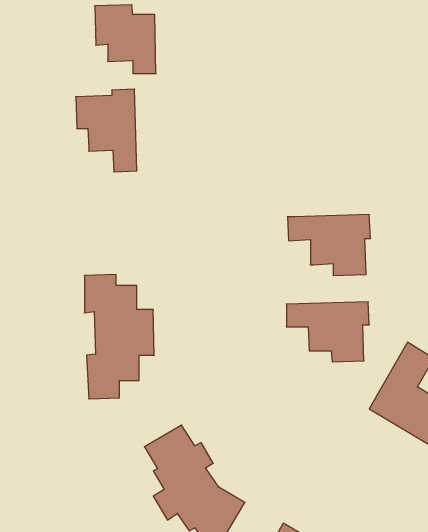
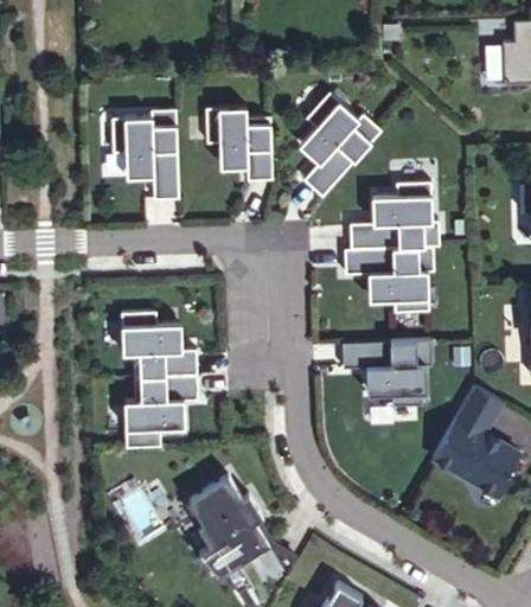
building: [95,5,156,74] -> [206,106,273,180]
building: none -> [299,92,382,198]
building: none -> [348,183,439,249]

